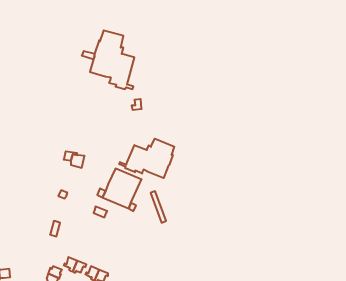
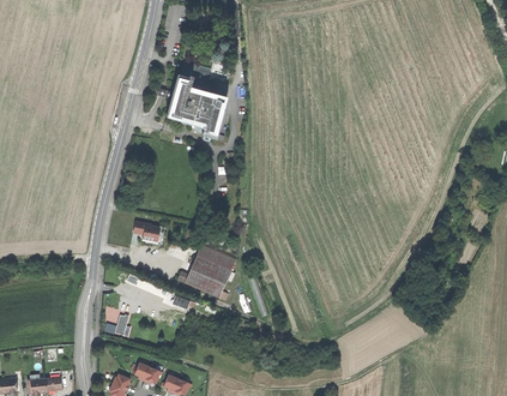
building: [119,139,174,178] -> none

